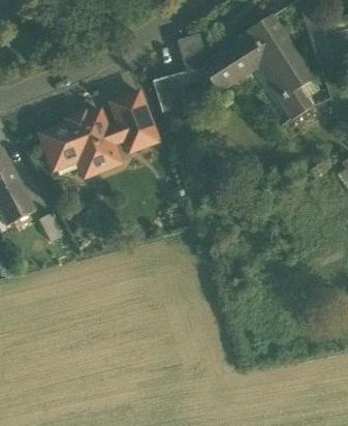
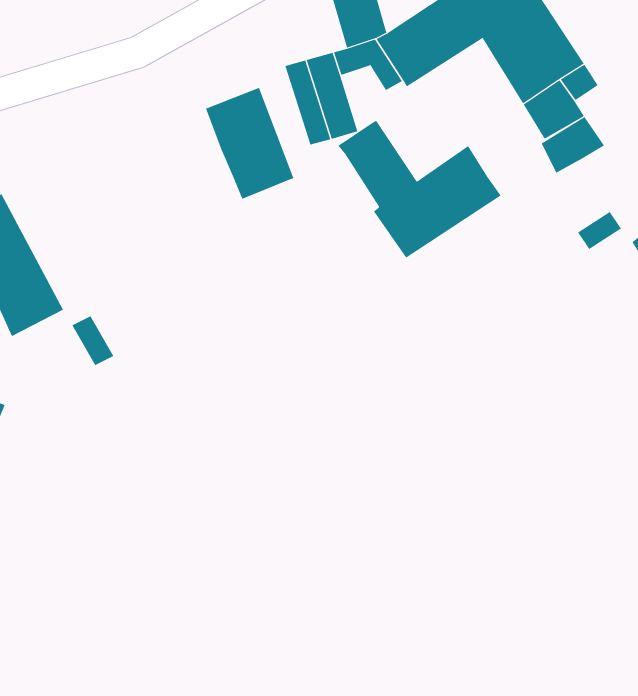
building: none -> [541,116,605,173]
building: none -> [338,120,502,258]
building: [40,109,125,172] -> none

